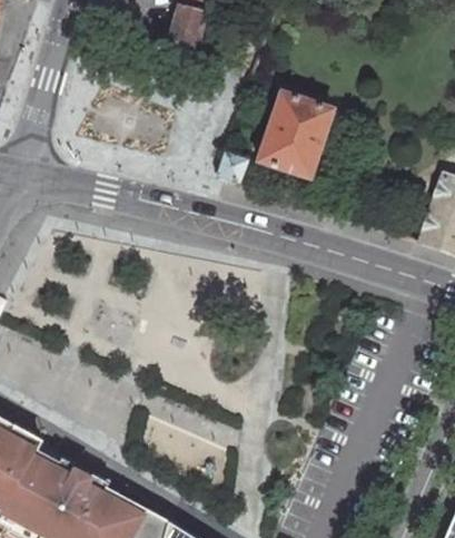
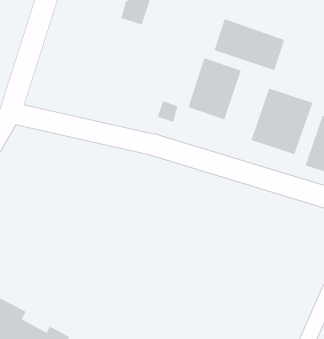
building: none -> [213,18,285,71]
building: none -> [251,87,314,155]

